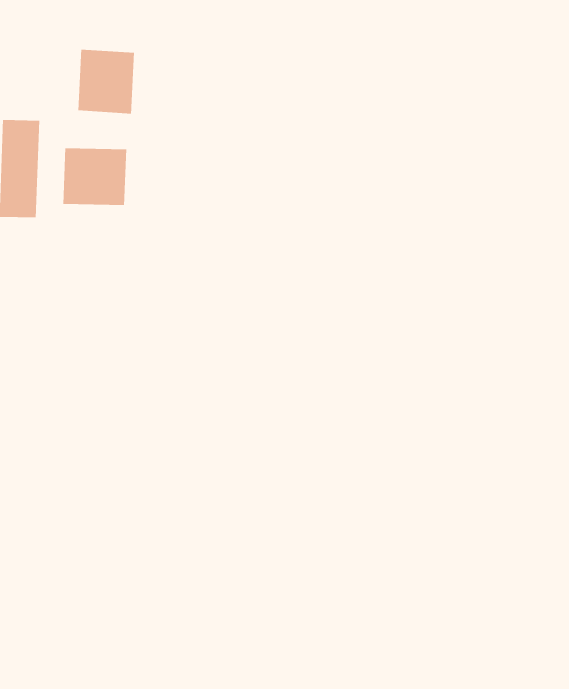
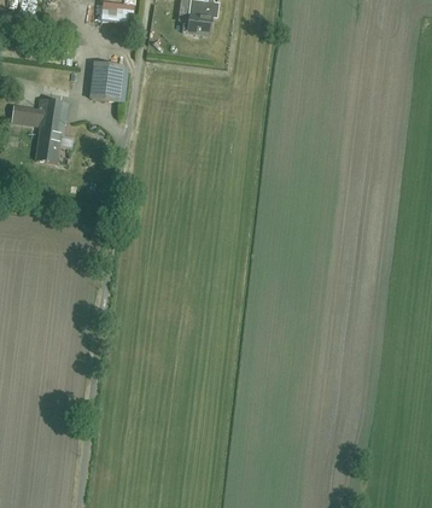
building: [62,147,127,206] -> none

